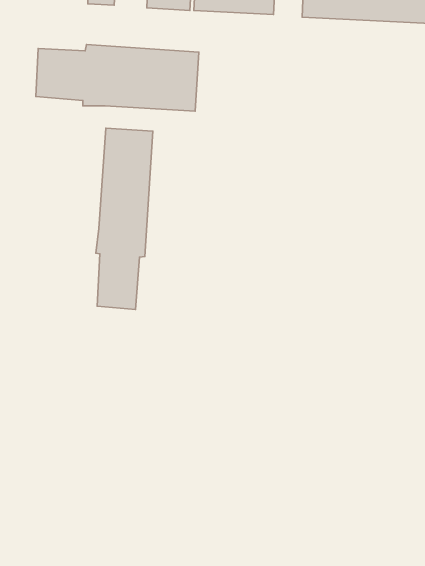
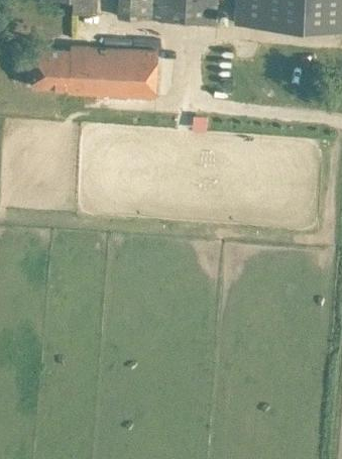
building: [96,128,153,309] -> none

